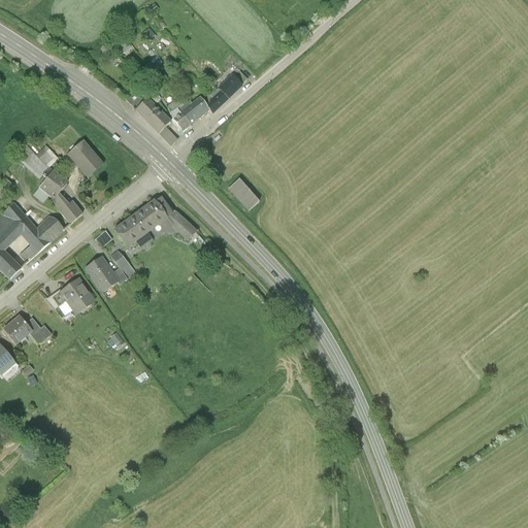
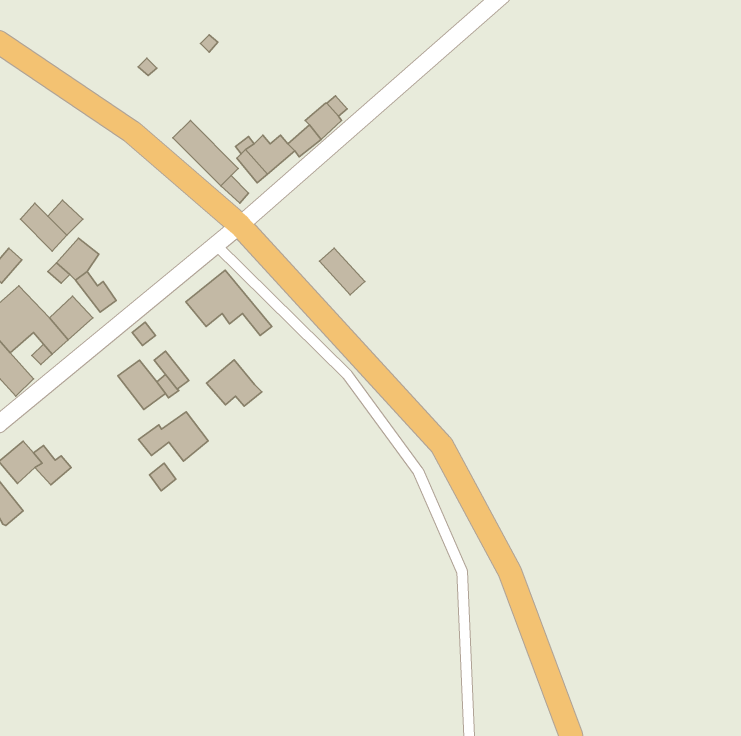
building: [68,138,106,178] -> none
building: [112,214,152,248] -> [206,360,262,406]
building: [44,277,94,312] -> [138,412,208,461]

